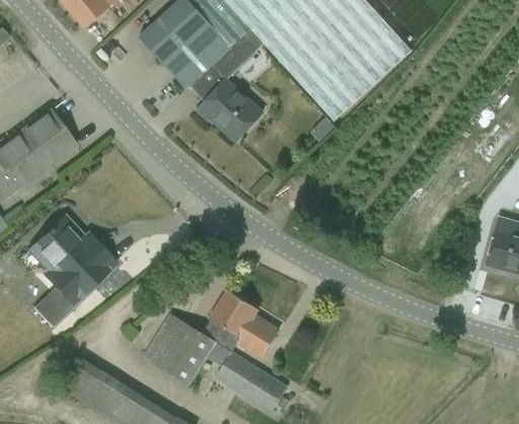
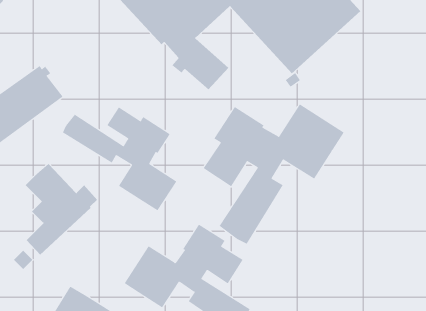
building: none -> [203,104,344,245]
building: none -> [62,106,177,211]

